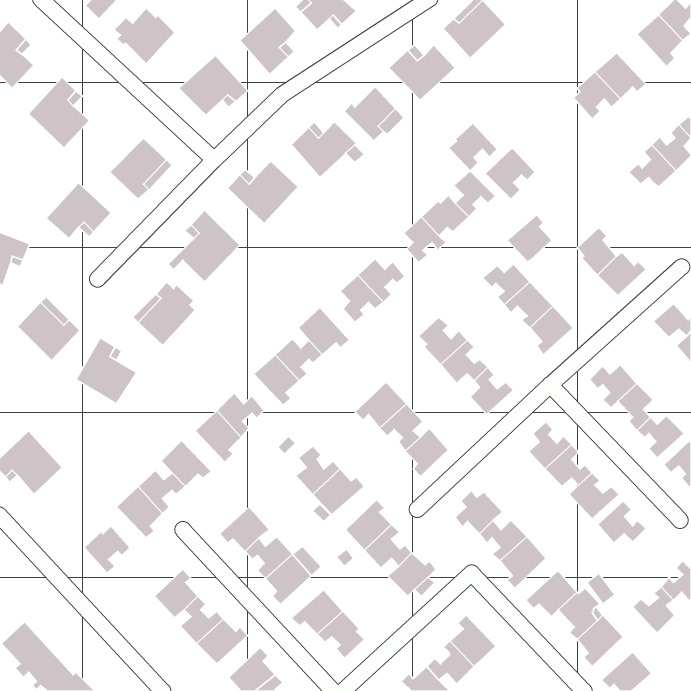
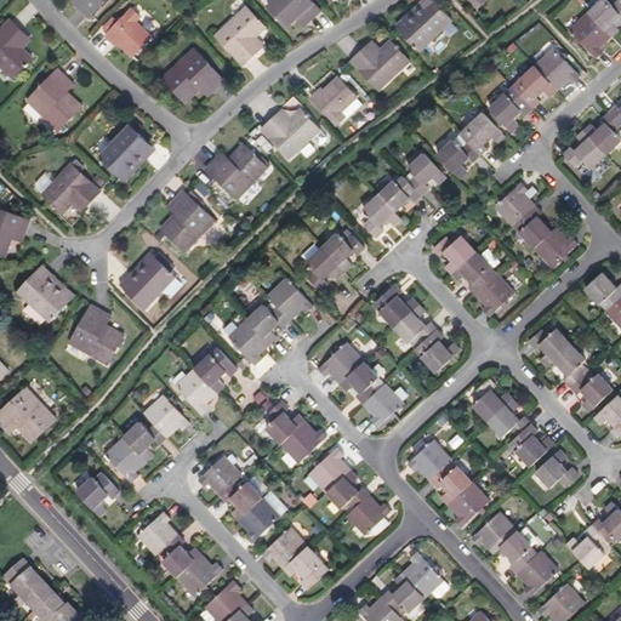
building: none -> [488,87,530,131]
building: [448,123,497,171] -> [460,112,503,154]
building: [507,215,552,262] -> [496,181,536,223]

